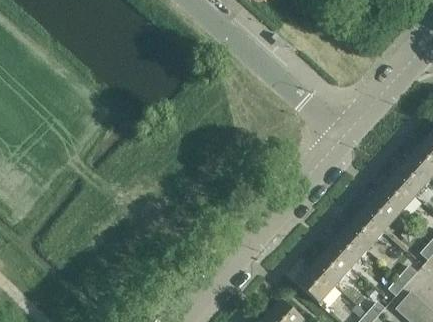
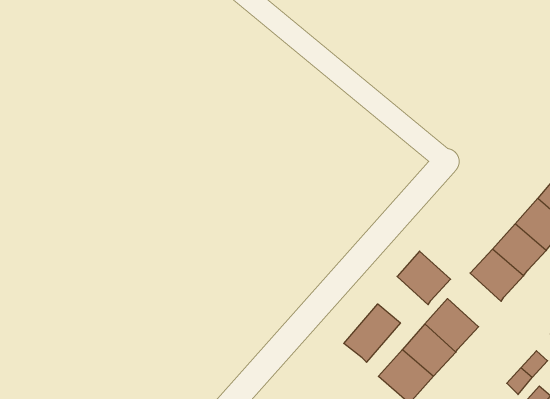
building: [348,209,386,247] -> [397,251,451,305]
building: none -> [344,304,400,362]

